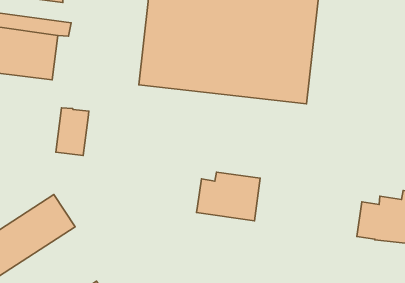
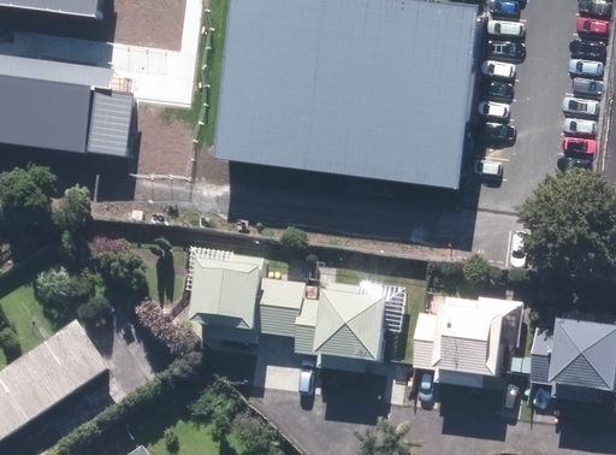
building: [56,108,89,156] -> [83,88,131,158]
building: none -> [185,254,303,337]
building: none -> [415,299,517,379]

